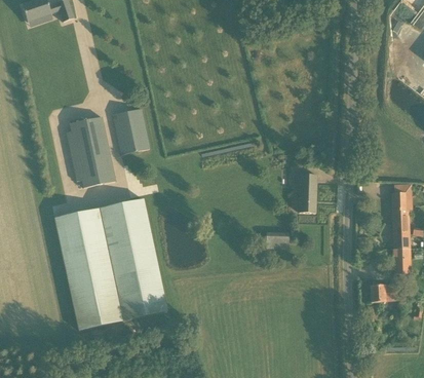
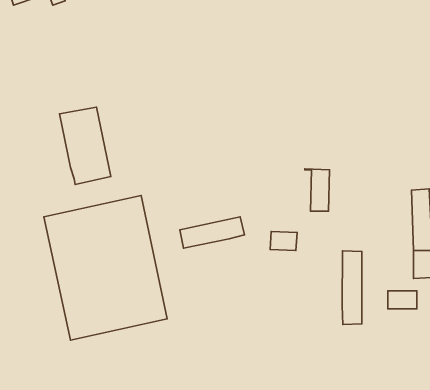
building: [112,108,150,153] -> none
building: none -> [180,217,245,248]
building: none -> [342,251,362,325]

